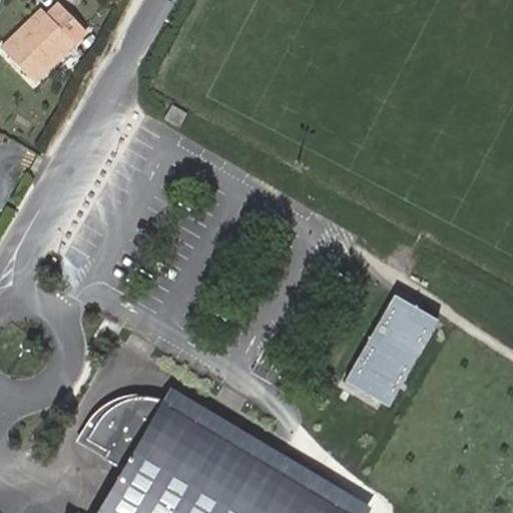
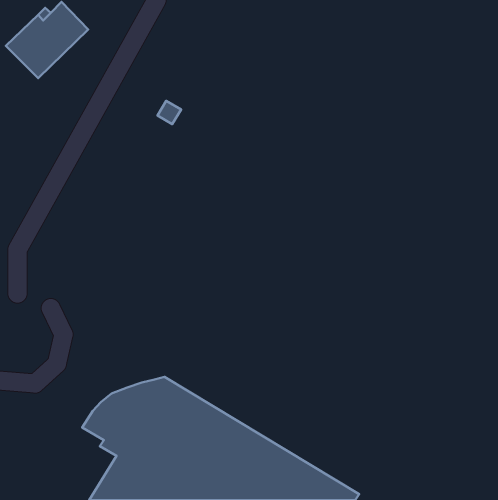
building: [345,295,436,404] -> none

